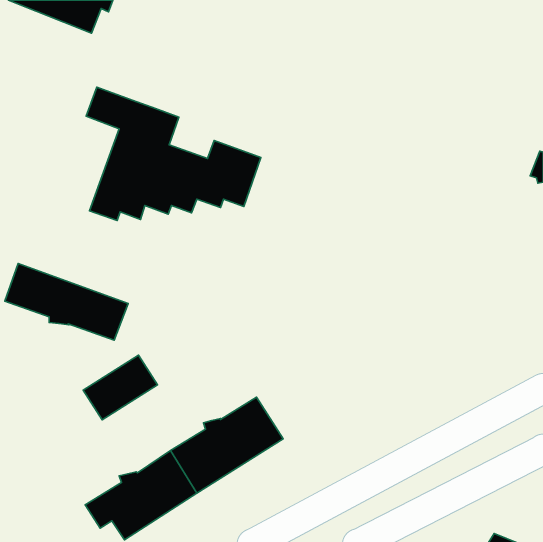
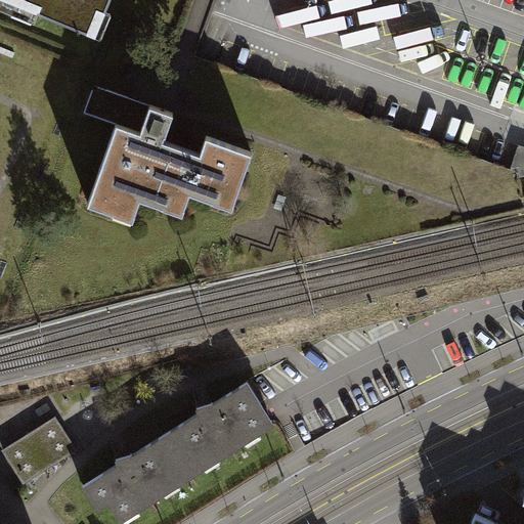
building: [5,264,128,340] -> none
building: [83,355,158,420] -> [4,422,76,484]

